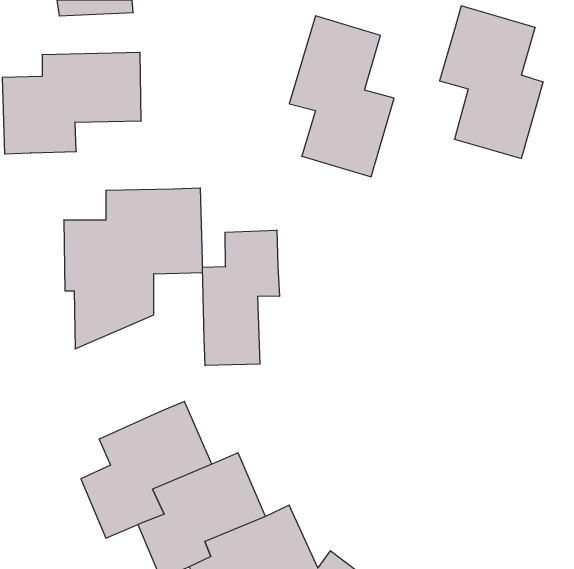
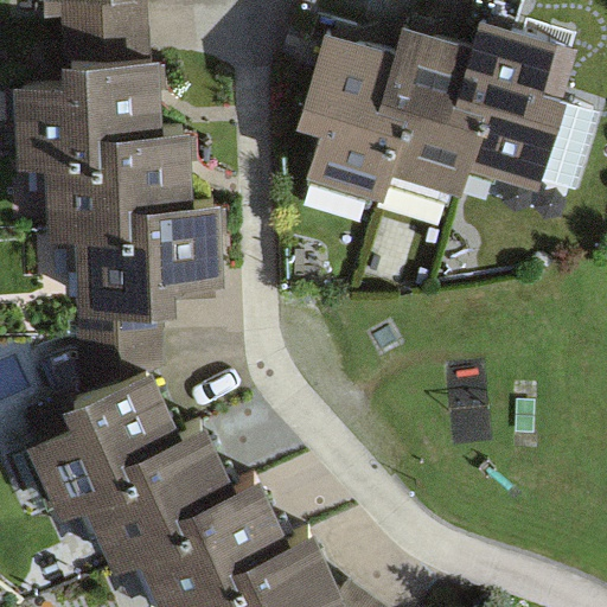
building: none -> [388,25,496,193]
building: none -> [40,139,189,244]
building: [203,230,280,366] -> none
building: none -> [28,379,175,526]

